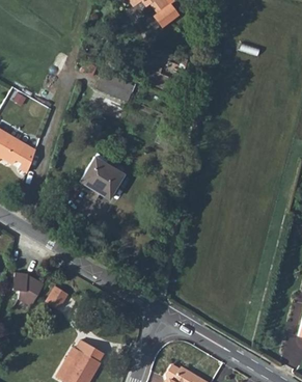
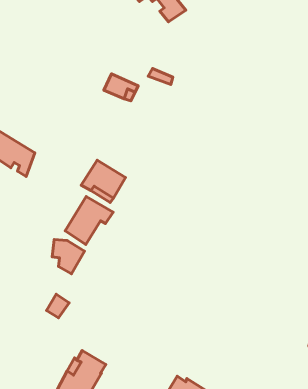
building: none -> [65,197,113,245]
building: [12,272,44,305] -> [52,239,84,274]

